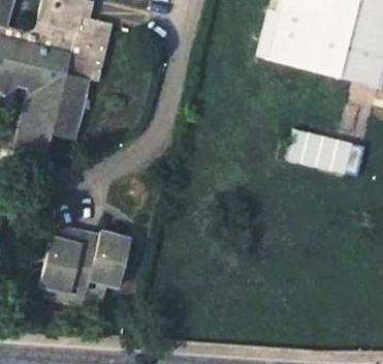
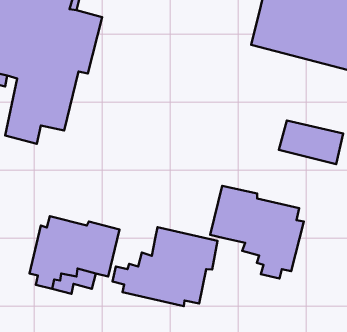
building: none -> [210,186,304,279]
building: none -> [113,227,217,306]

